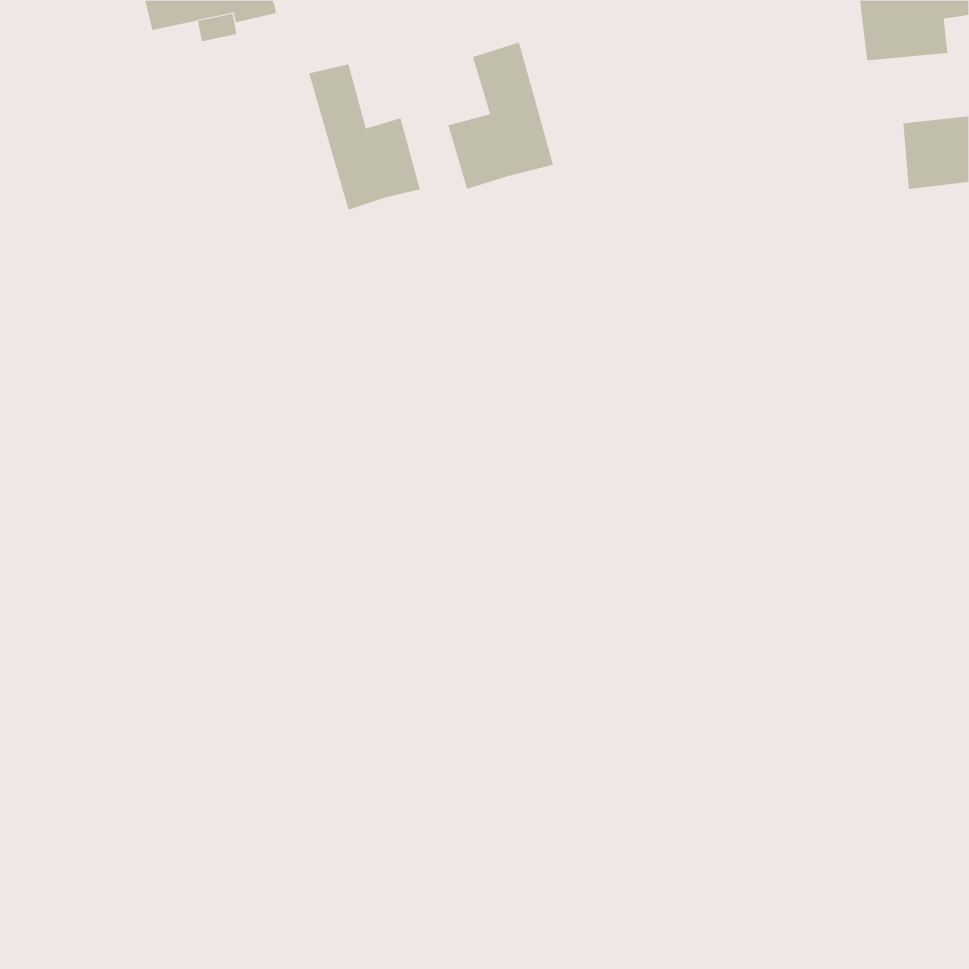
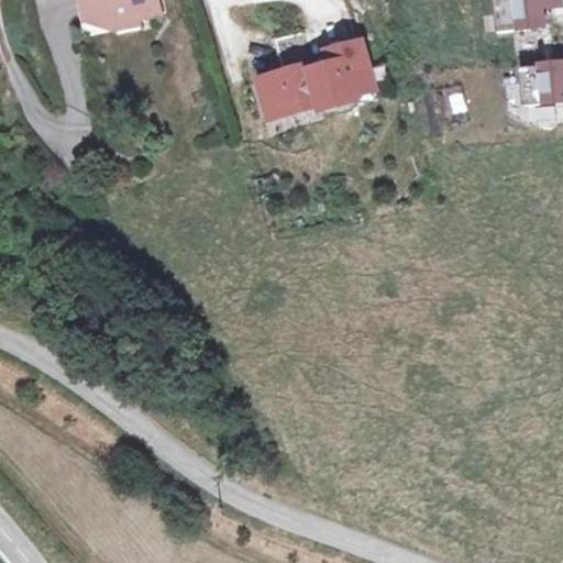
building: none -> [312,35,375,100]
building: [309,64,421,210] -> none

